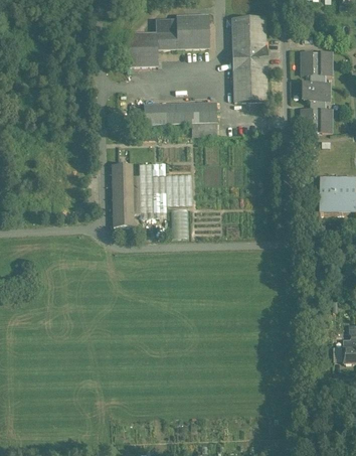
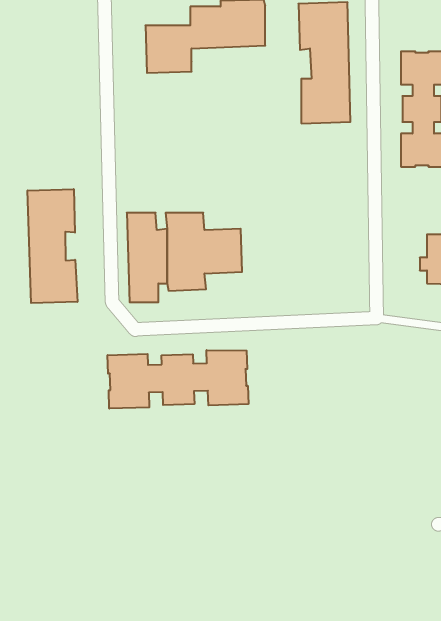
building: [143,102,216,134] -> none
building: none -> [28,189,77,303]
building: none -> [108,350,248,409]

